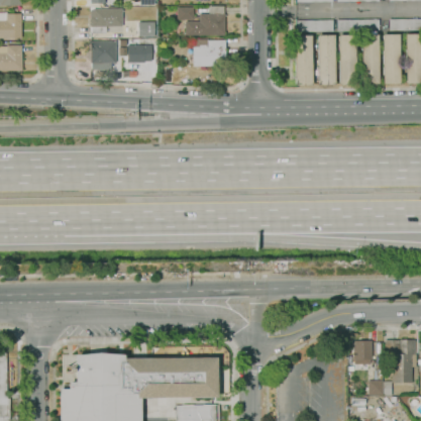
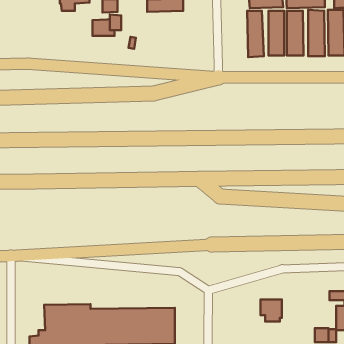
building: [194,38,227,66] -> none
building: [92,40,118,70] -> none
building: [350,339,374,363] -> [261,299,282,322]

